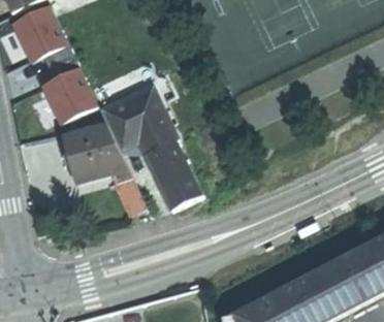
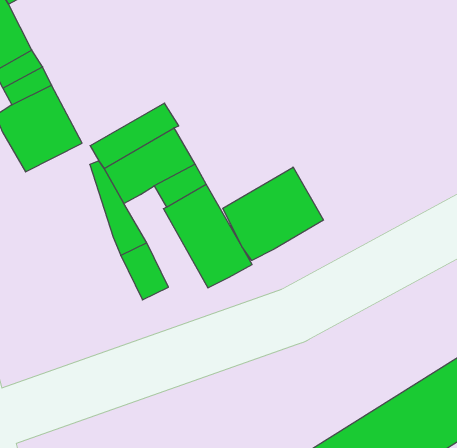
building: [63,121,113,179] -> none
building: none -> [223,167,323,260]

